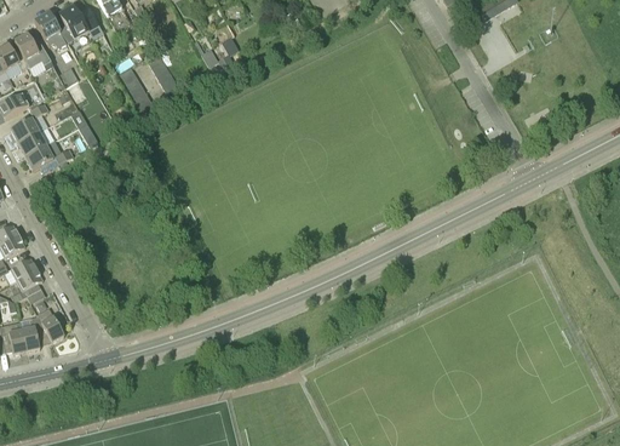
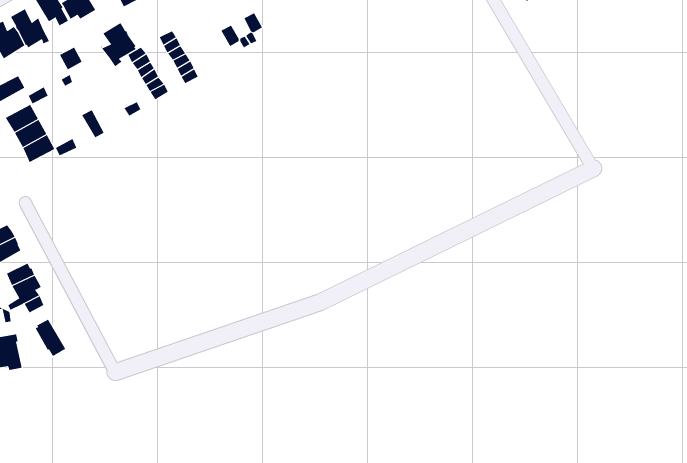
building: none -> [95,22,137,67]
building: [19,314,46,349] -> none

